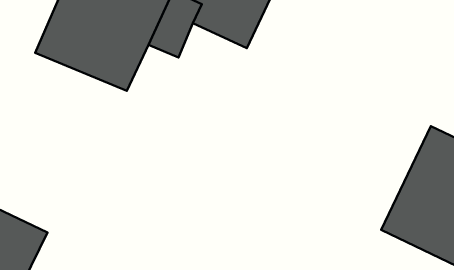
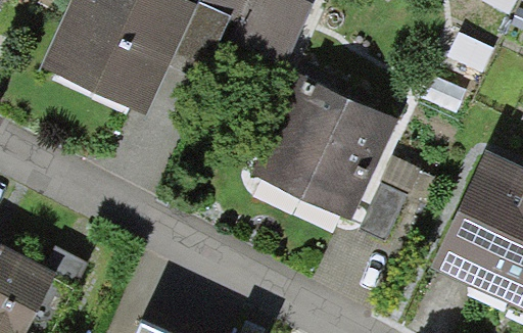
building: none -> [258,82,388,215]

